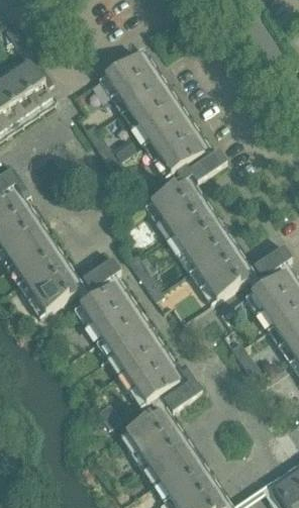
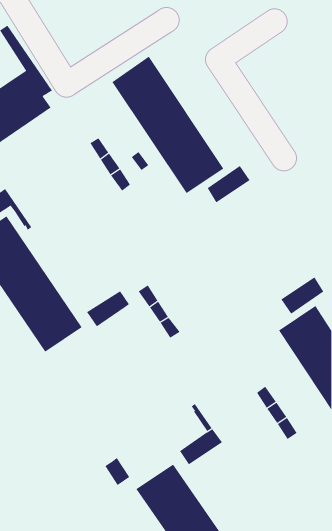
building: [151,177,250,298] -> none
building: [80,281,180,401] -> none

